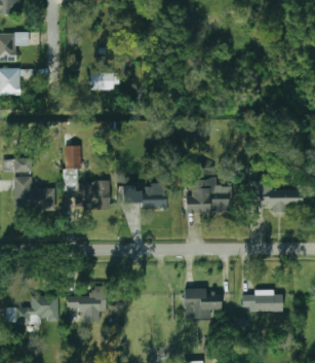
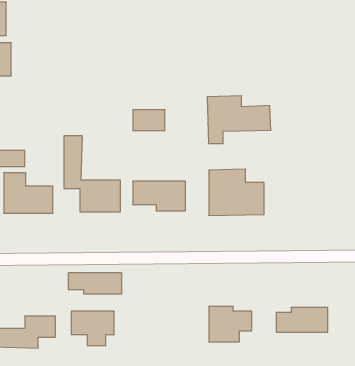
building: [89,73,116,90] -> [133,110,165,131]
building: [249,179,303,219] -> [207,96,271,144]
building: none -> [69,273,121,294]

